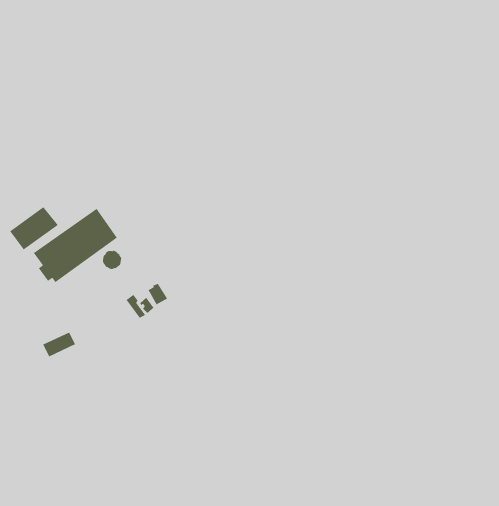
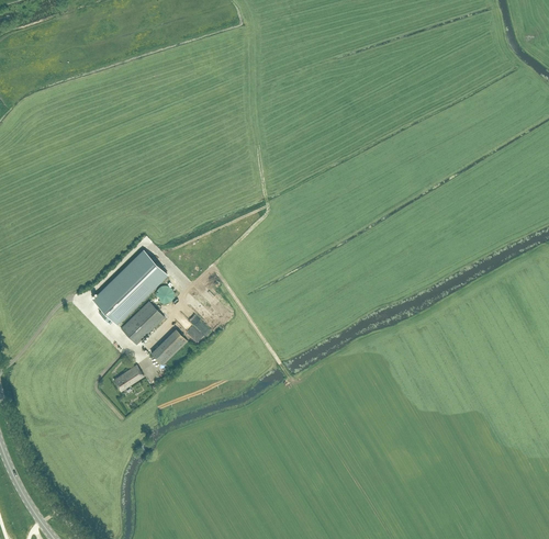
building: [9,206,59,250] -> [121,301,165,344]
building: none -> [152,328,187,363]

